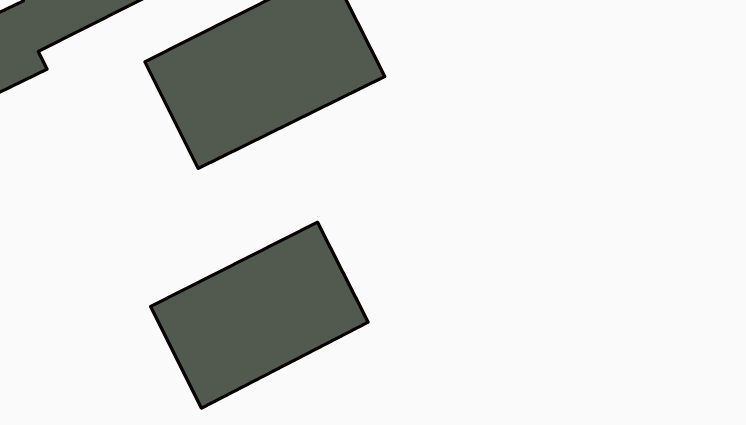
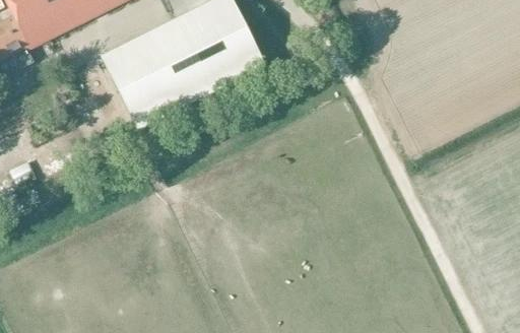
building: [151,222,368,408] -> none

